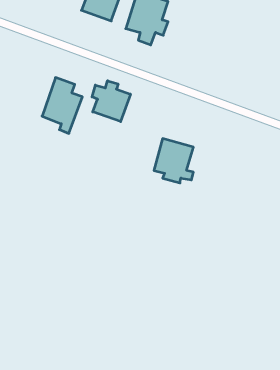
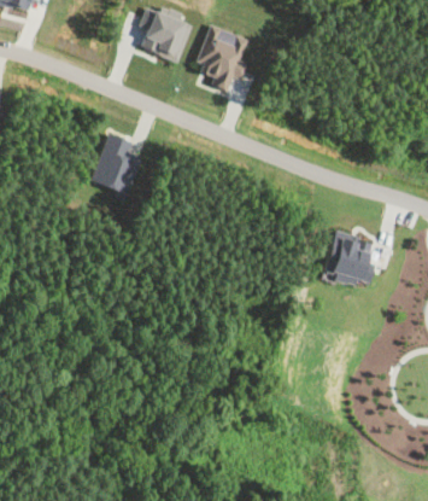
building: [92,81,130,122] -> none
building: [154,139,193,183] -> [323,229,373,285]

